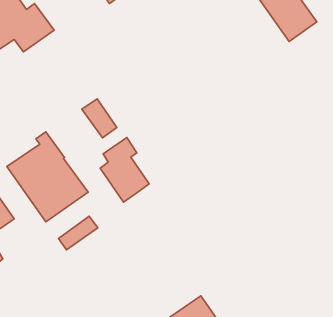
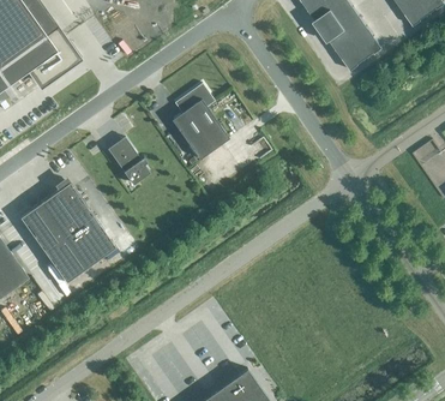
building: [100,138,149,202] -> [170,84,228,160]
building: [58,216,98,250] -> none

